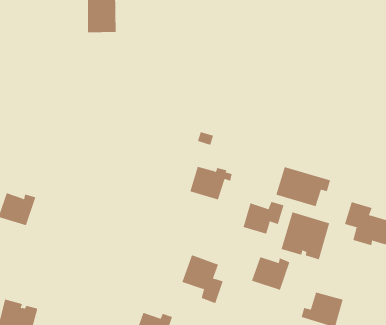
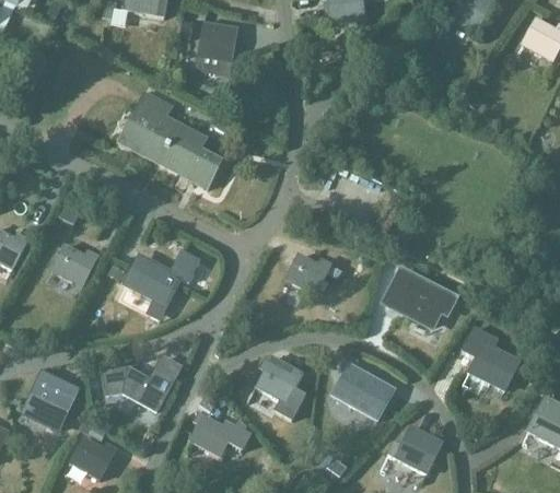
building: none -> [116,89,223,189]
building: none -> [125,250,198,305]
building: [243,201,284,234] -> none
building: [281,211,330,260] -> none
building: none -> [100,350,176,402]

